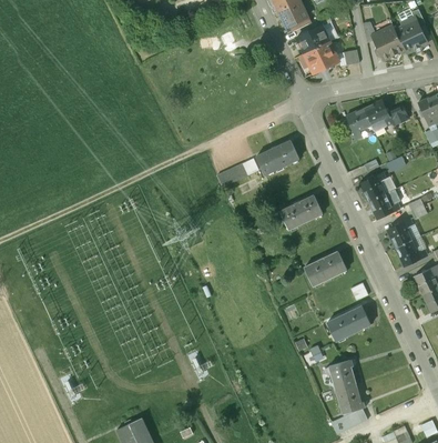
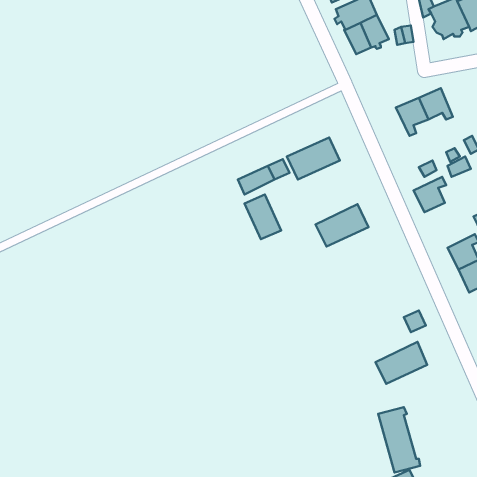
building: none -> [245,195,281,239]
building: [368,189,401,219] -> none
building: [304,251,347,286] -> none

